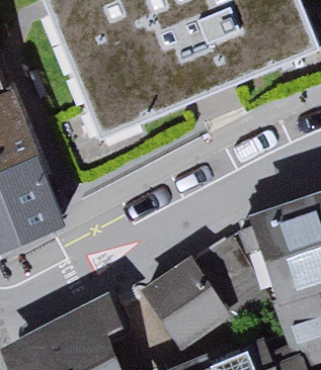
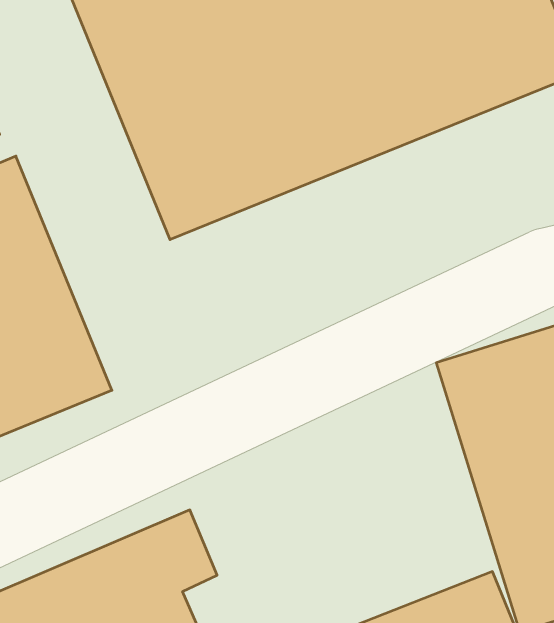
building: [146,236,268,349] -> none

